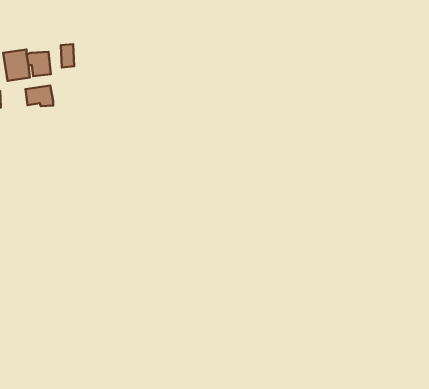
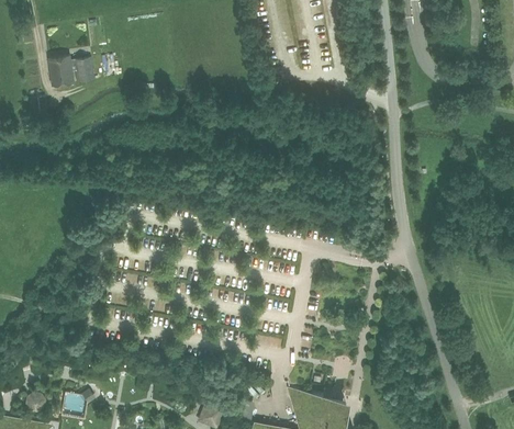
building: [26,86,53,106] -> none

